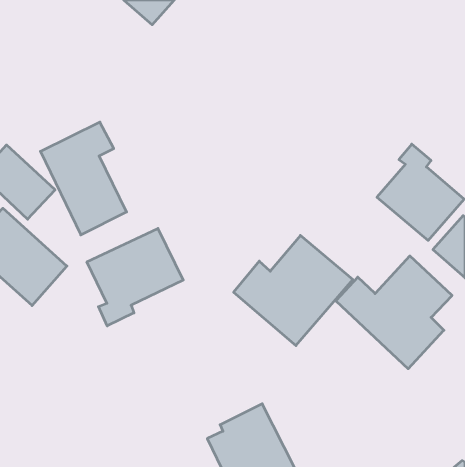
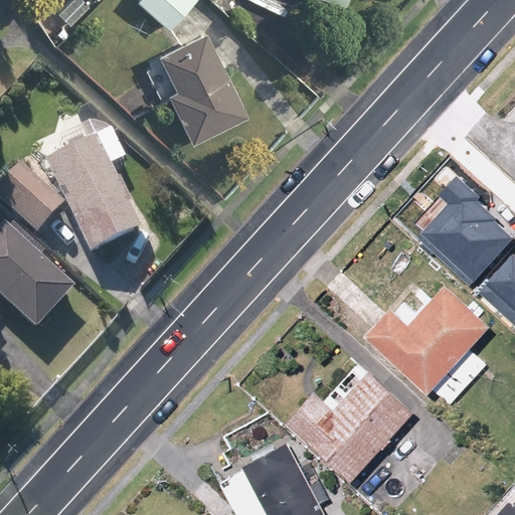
building: none -> [142,29,247,144]
building: [87,228,183,326] -> none
building: [234,235,353,346] -> [285,362,415,483]

